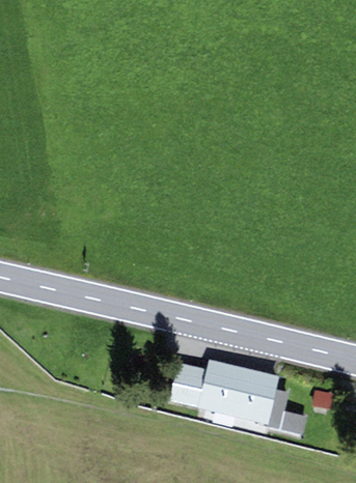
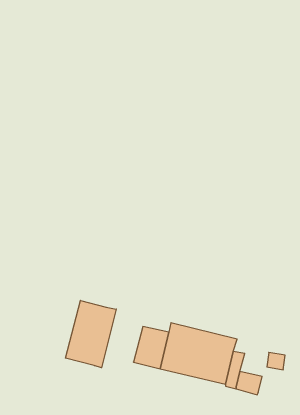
building: none -> [65,300,116,368]

